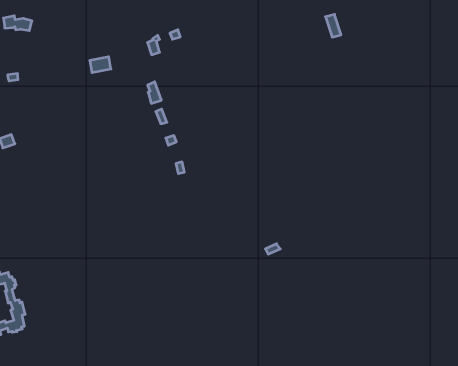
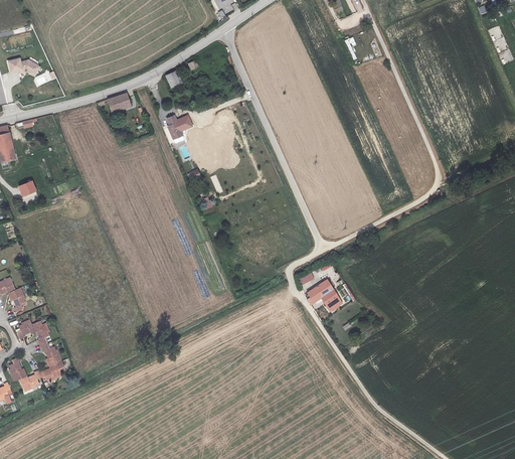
building: none -> [307,279,342,310]

